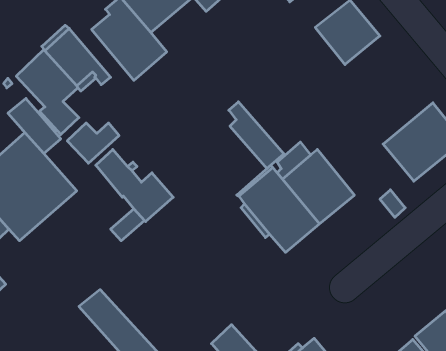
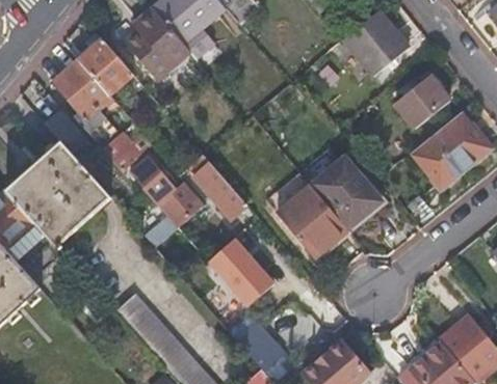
building: none -> [395,75,449,128]
building: [229,102,284,169] -> [193,154,247,219]
building: none -> [209,239,274,306]

